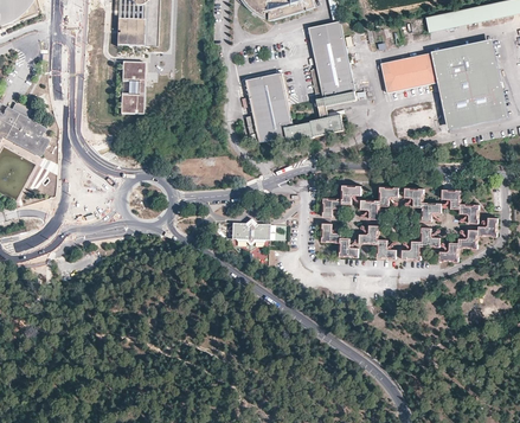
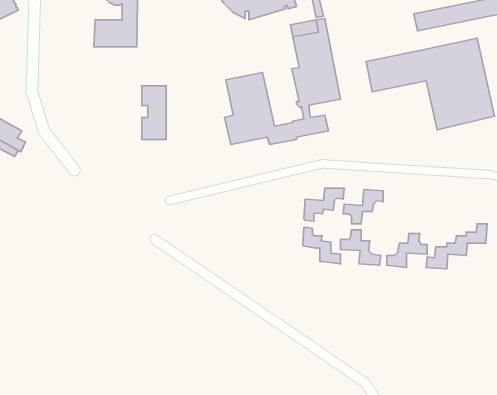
building: [123,63,147,115] -> [142,86,166,140]
building: [403,187,441,223] -> none
building: [442,190,479,225] -> none
building: [230,223,271,244] -> none

